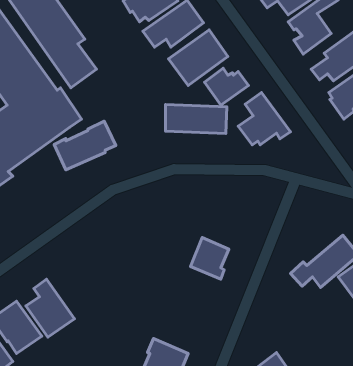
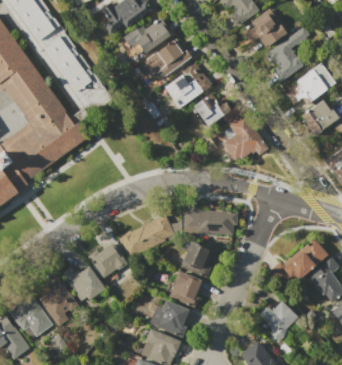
building: [165,105,227,134] -> [183,208,236,233]
building: [54,121,116,170] -> [122,214,175,256]
building: none -> [89,243,128,279]
building: none -> [63,265,106,301]
building: none -> [169,270,203,305]
building: none -> [150,299,190,336]
building: none -> [258,300,299,342]

